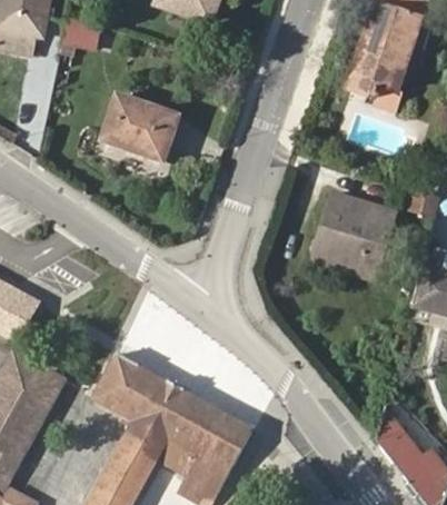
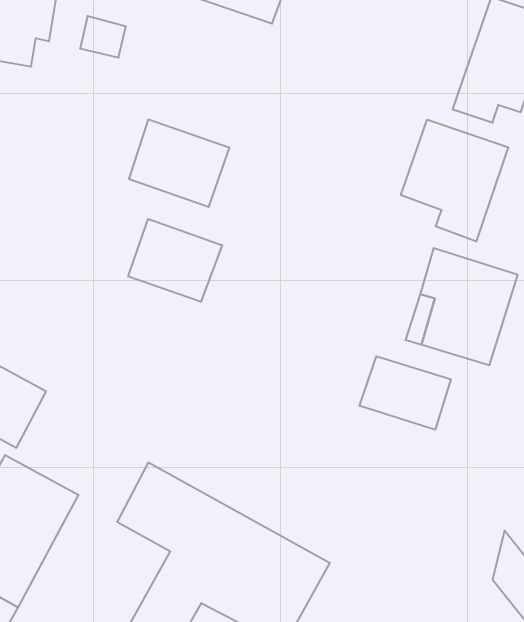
building: none -> [401,120,508,242]
building: none -> [128,219,222,302]
building: none -> [360,356,451,430]

